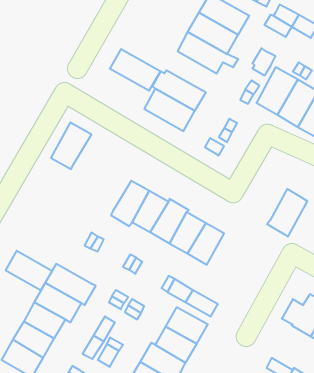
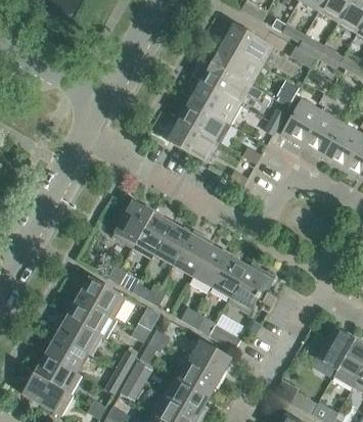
building: [110,49,160,91] -> [190,82,241,124]
building: [51,122,91,169] -> [114,200,154,247]
building: [267,189,307,236] -> [228,266,269,314]
building: [6,251,52,290] -> [79,277,126,317]

